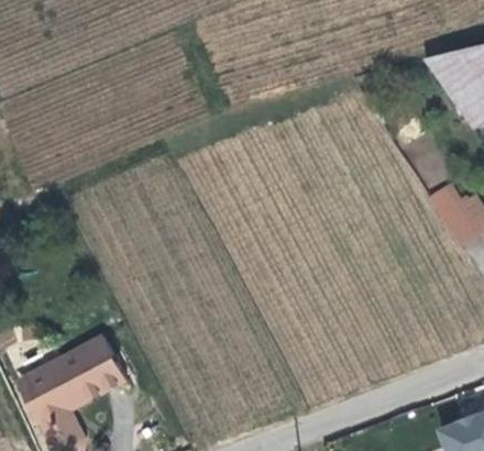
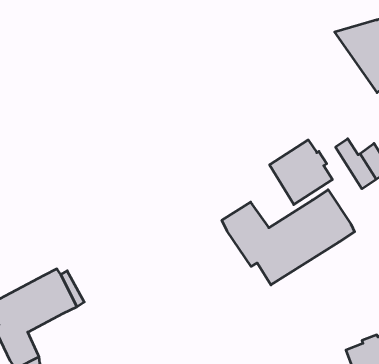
building: none -> [270,140,332,205]
building: none -> [222,190,355,285]

